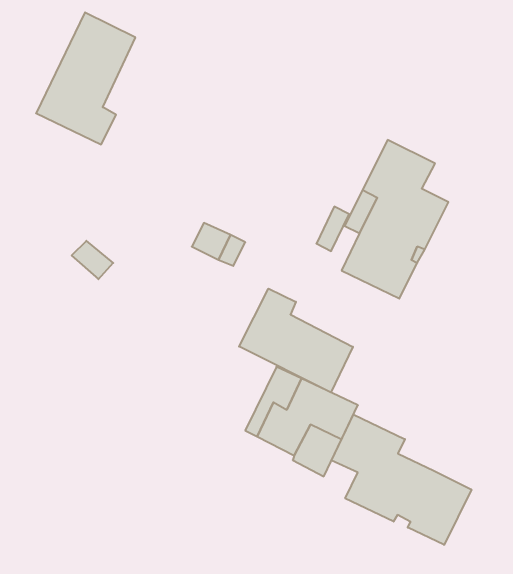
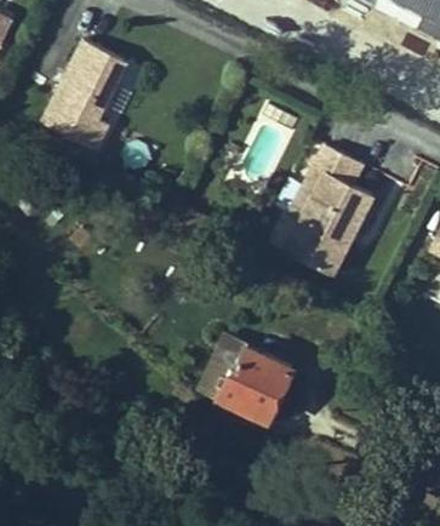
building: [239,289,353,392] -> none
building: [331,415,471,545] -> none

